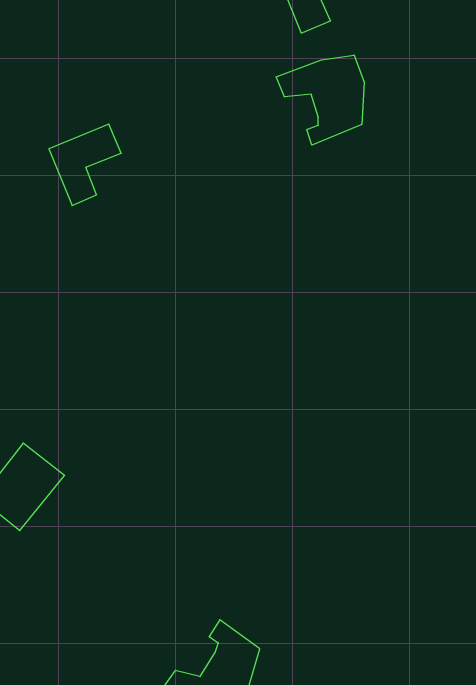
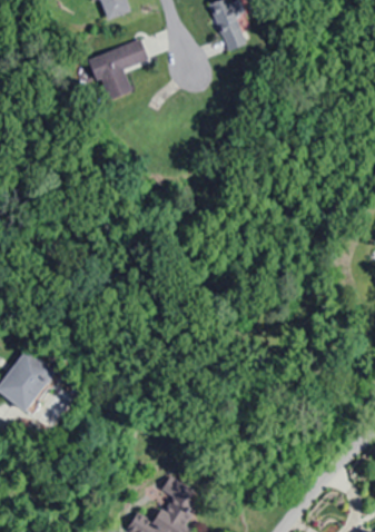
building: [276,55,364,145] -> none
building: [49,124,121,206] -> [96,39,148,98]

